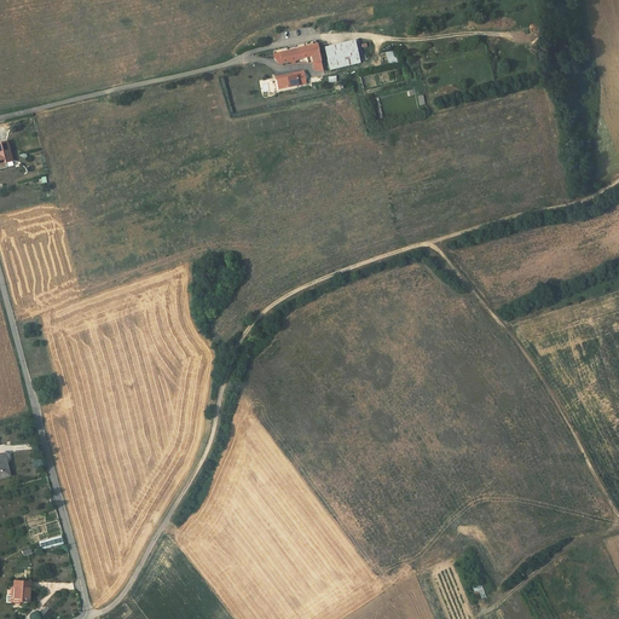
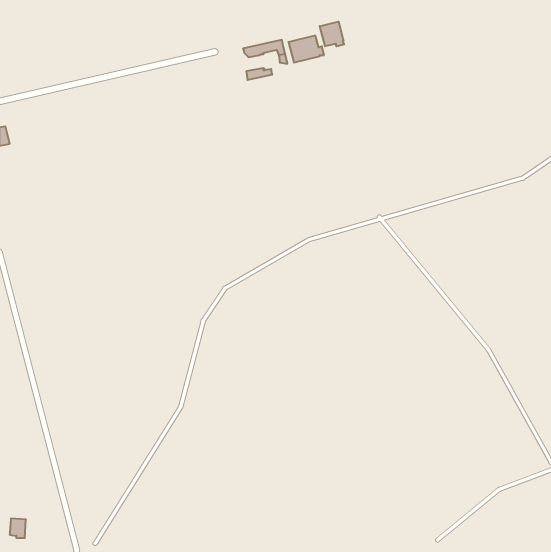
building: none -> [320,22,344,46]

